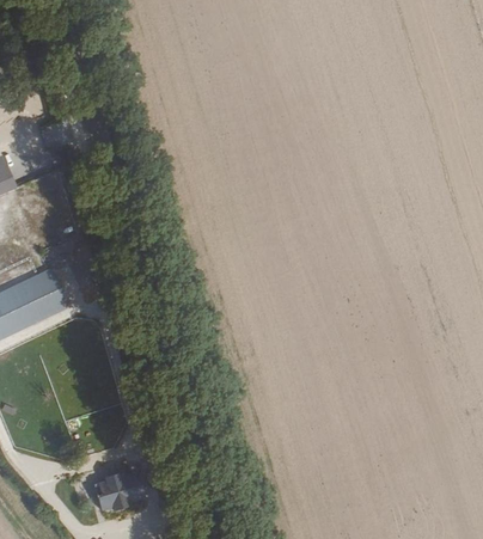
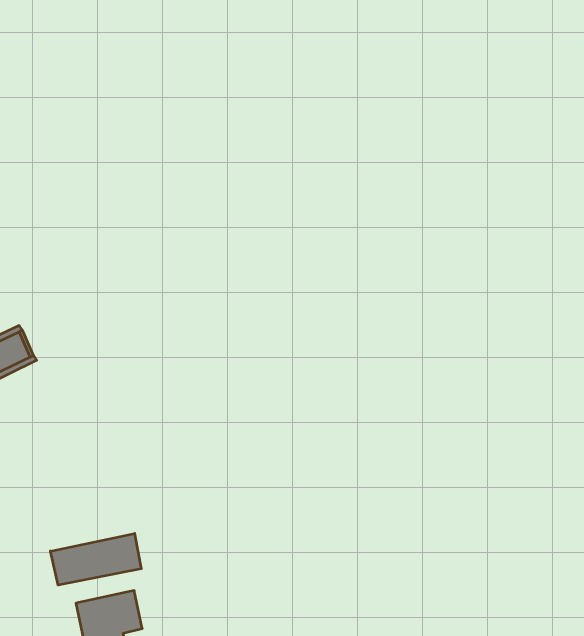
building: none -> [50,533,141,585]

